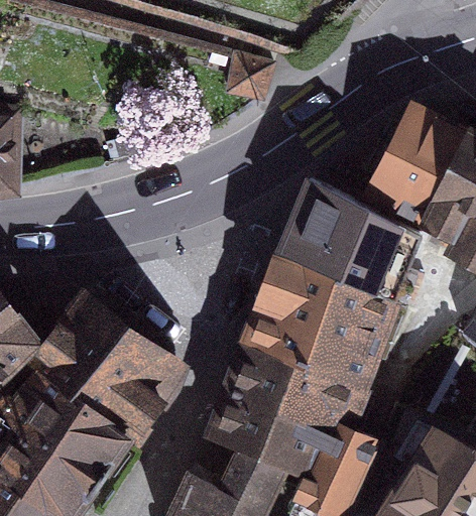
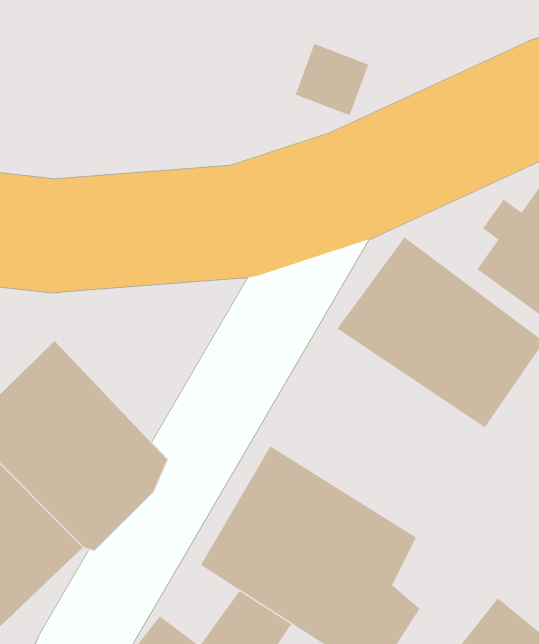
building: [247,254,395,390] -> none

